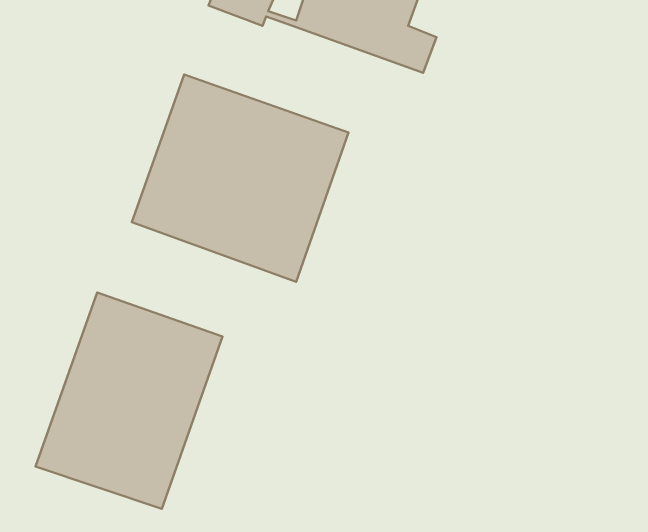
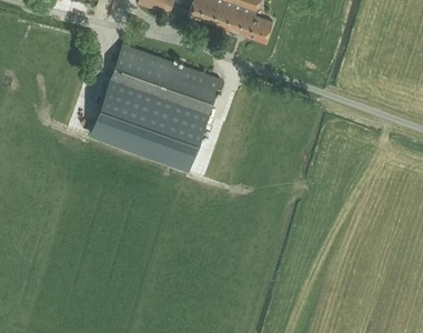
building: [35,292,222,509] -> none

